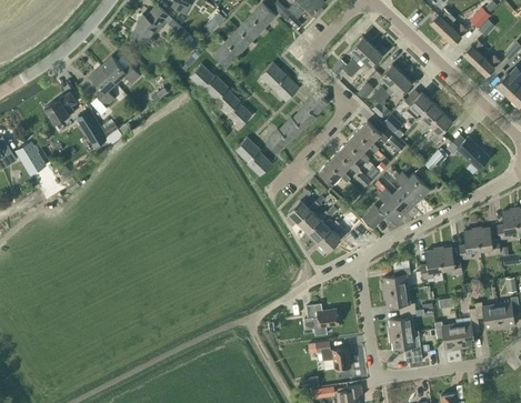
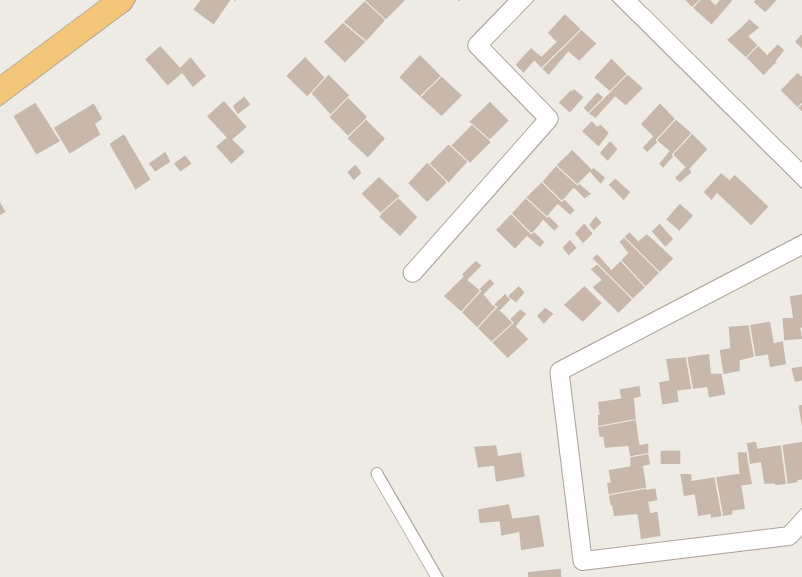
building: [90,66,116,105] -> [206,100,247,164]
building: [17,140,47,173] -> [13,102,61,155]

